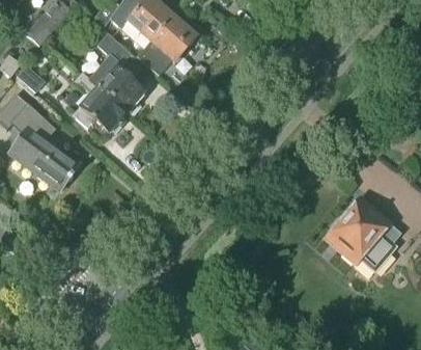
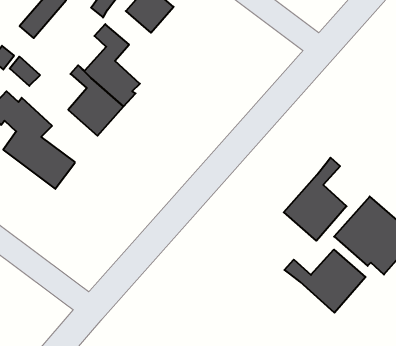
building: [137,16,197,76] -> none
building: none -> [284,158,347,241]
building: none -> [284,250,366,313]

